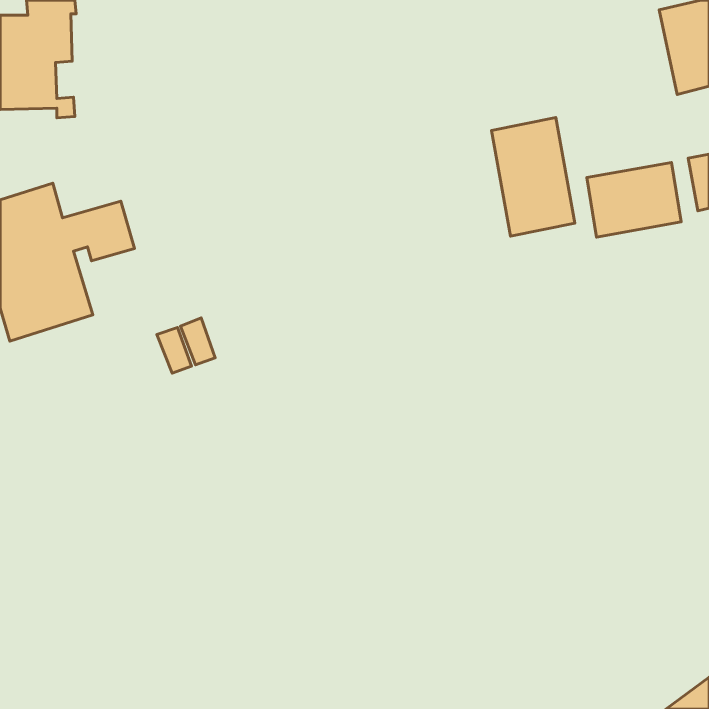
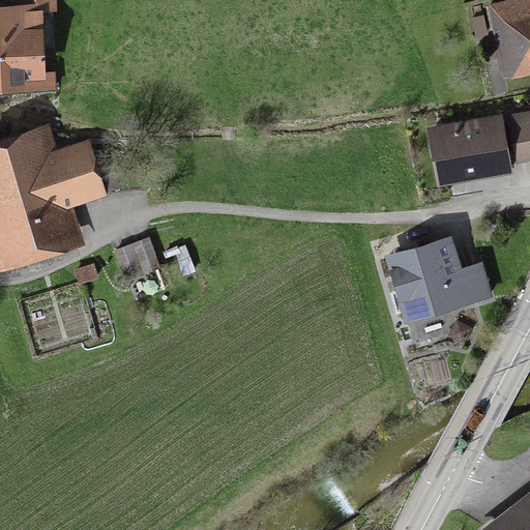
building: [492,118,575,236] -> none
building: none -> [395,240,490,311]

